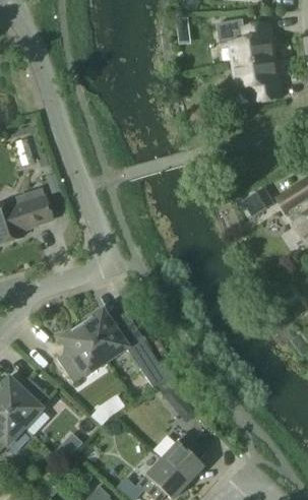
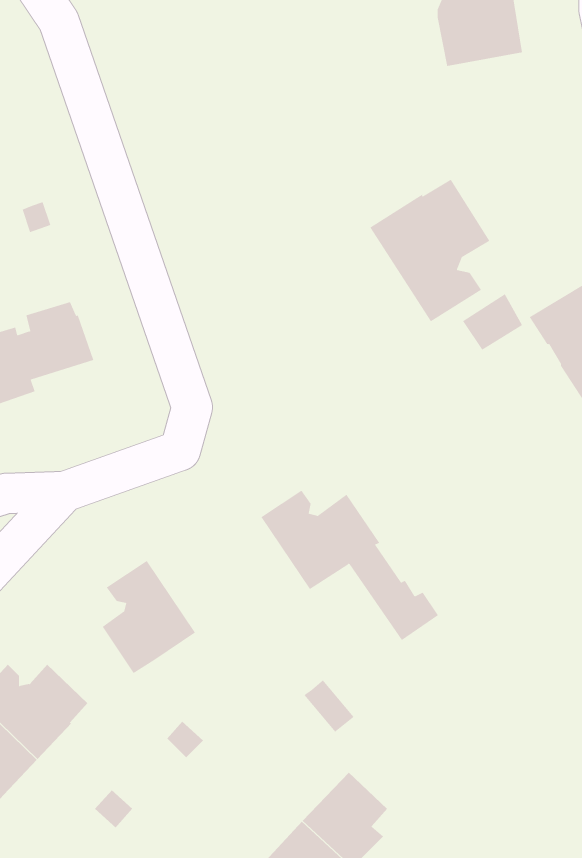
building: [235,61,281,103] -> none
building: none -> [369,179,490,322]
building: [79,310,172,388] -> [261,490,439,641]

